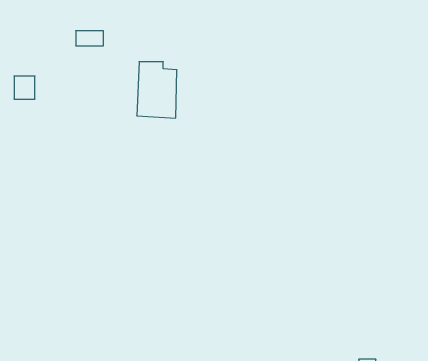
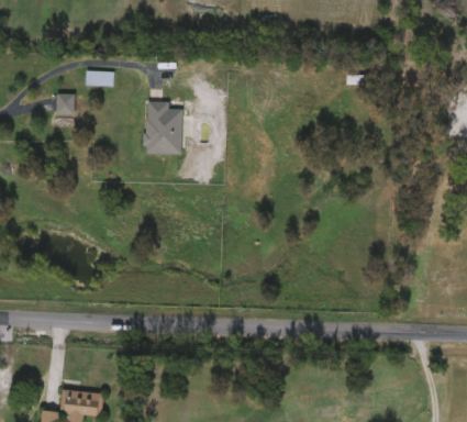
building: [14,76,35,99] -> [55,92,75,114]

